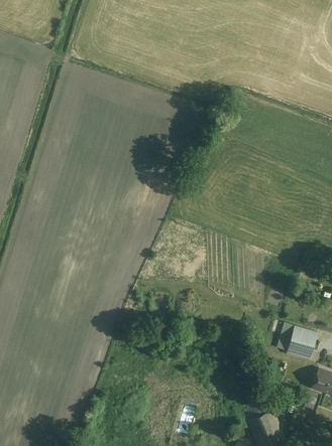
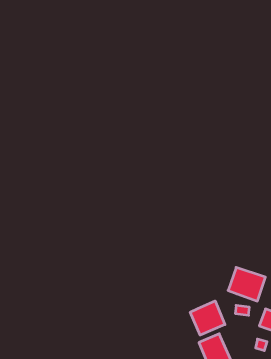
building: none -> [190,301,225,335]

